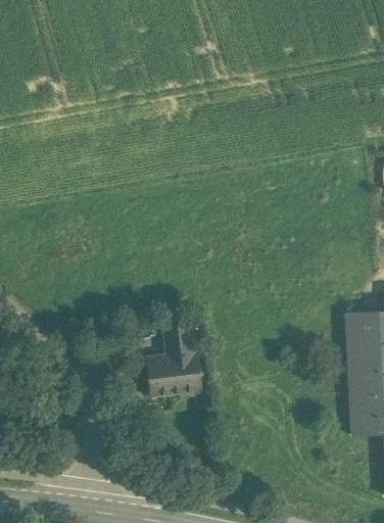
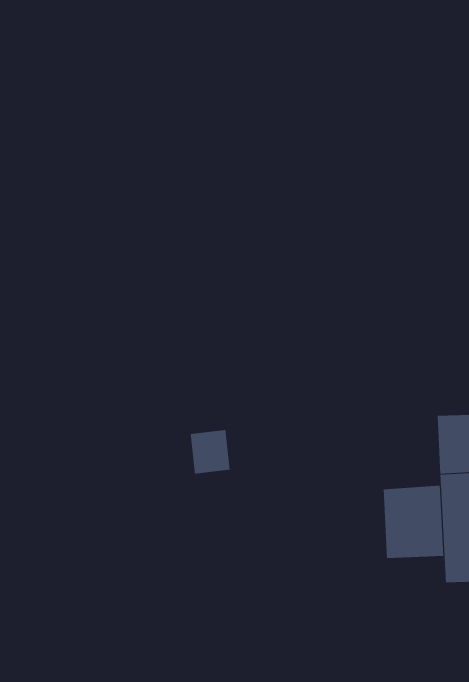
building: [147,352,201,395] -> none
building: none -> [383,485,444,559]

